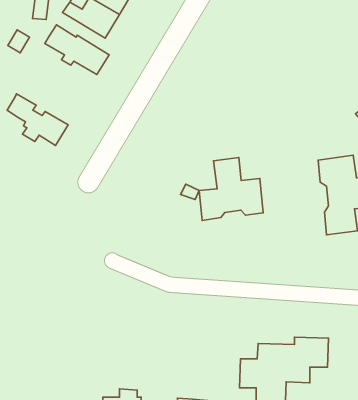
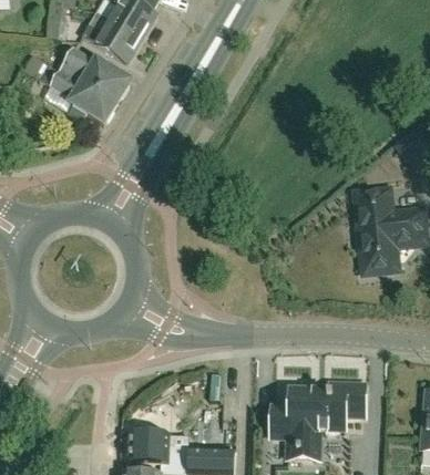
building: [7,94,68,146] -> [51,68,116,123]
building: [199,157,263,220] -> none

